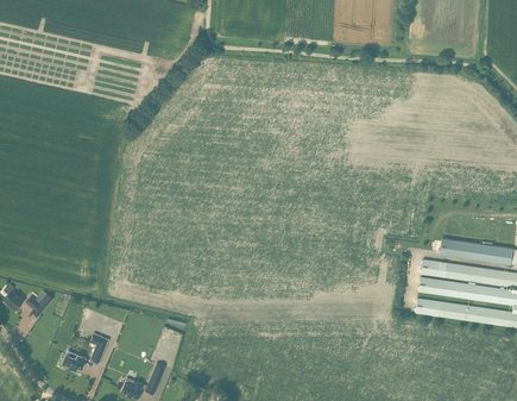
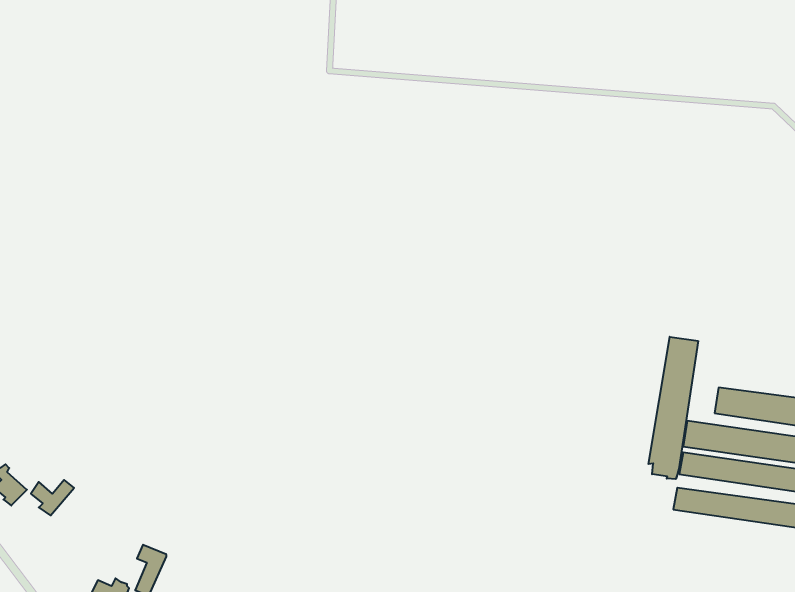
building: none -> [648,337,698,479]

